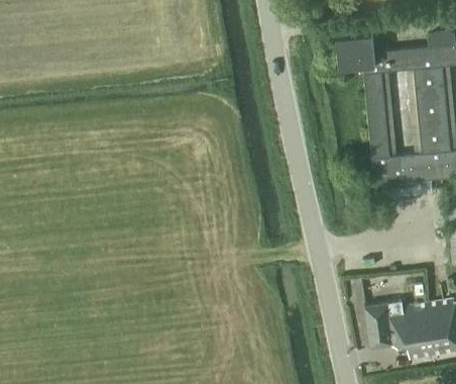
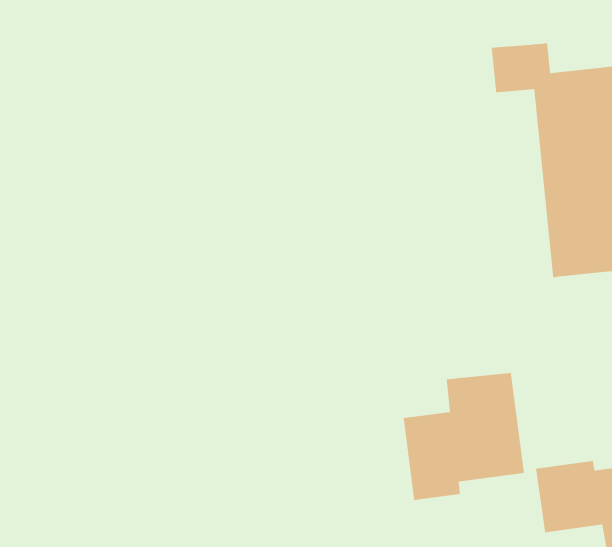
building: none -> [403,372,525,501]

